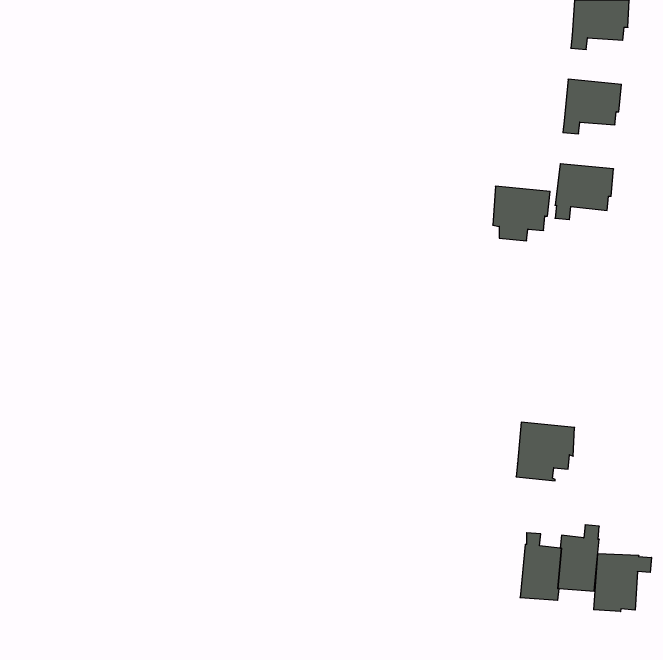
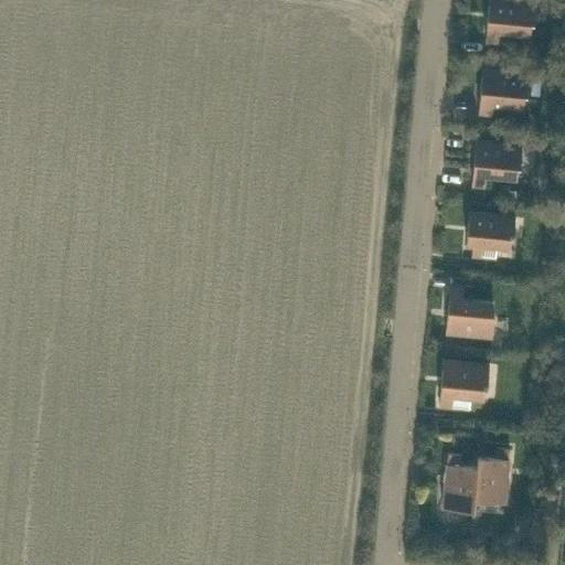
building: [493,186,550,241] -> [467,214,515,260]
building: none -> [446,290,494,340]
building: [594,553,651,612] -> none

